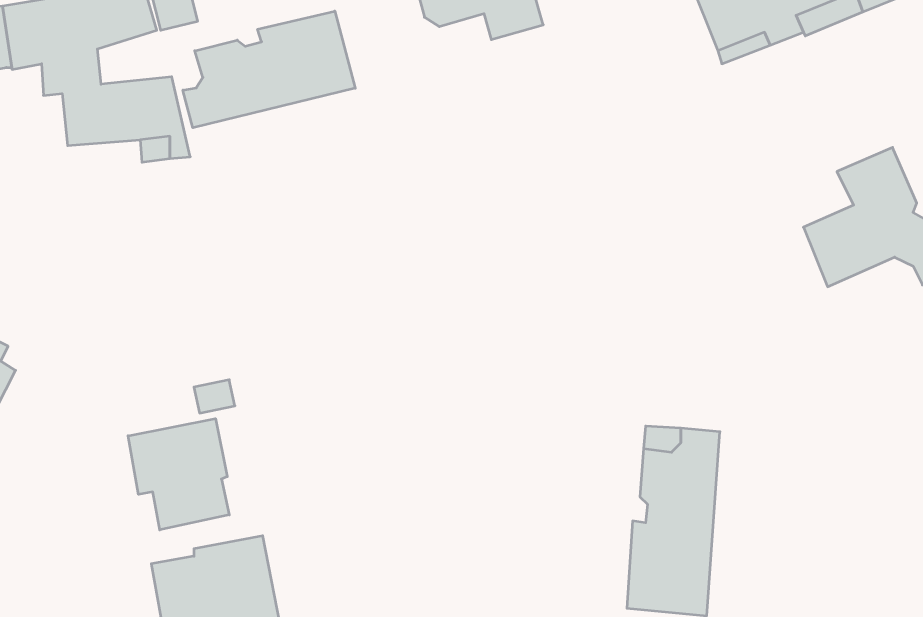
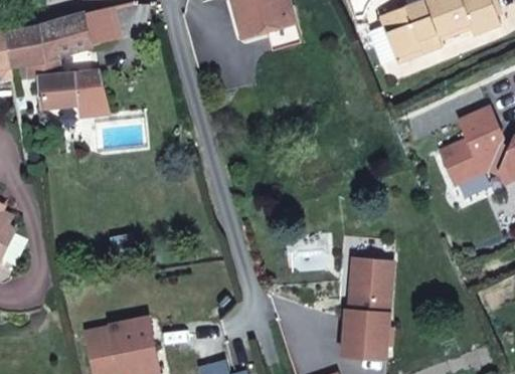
building: [183,11,355,128] -> none
building: [128,419,229,530] -> none

